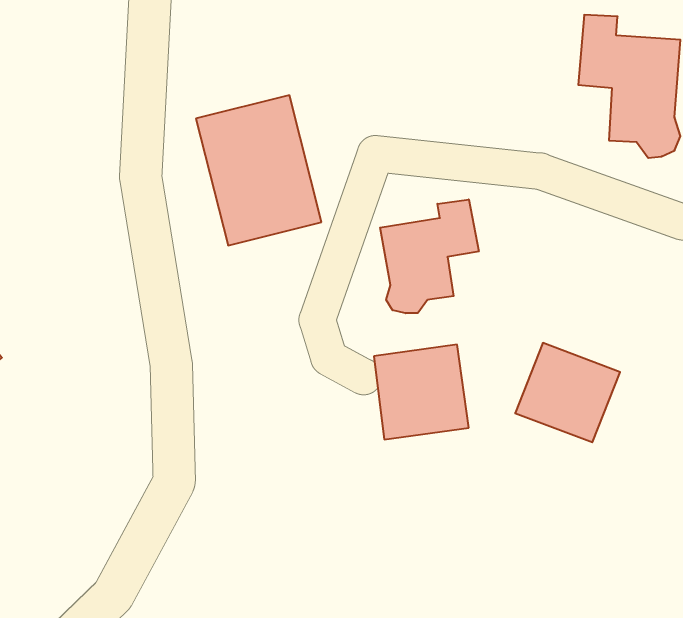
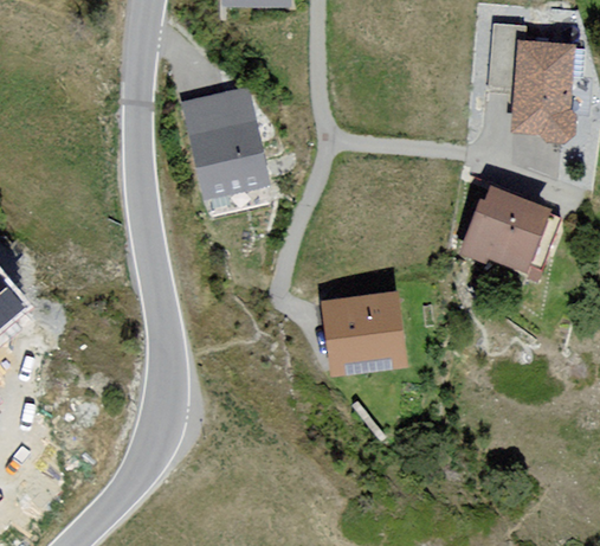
building: [380,199,479,313] -> none
building: [515,343,620,442] -> [466,187,551,268]

